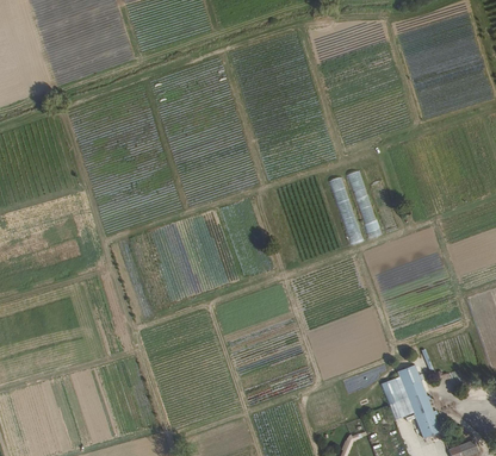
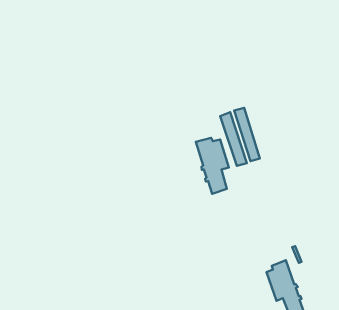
building: none -> [196,138,229,194]

